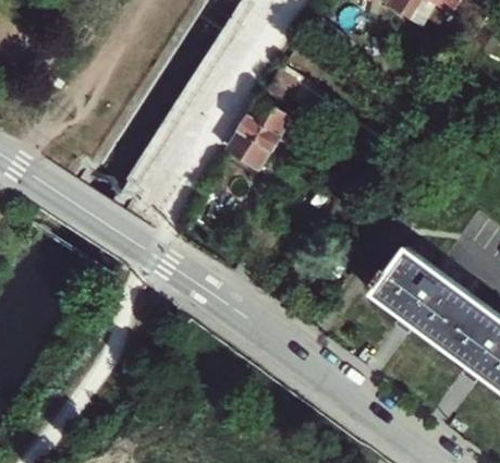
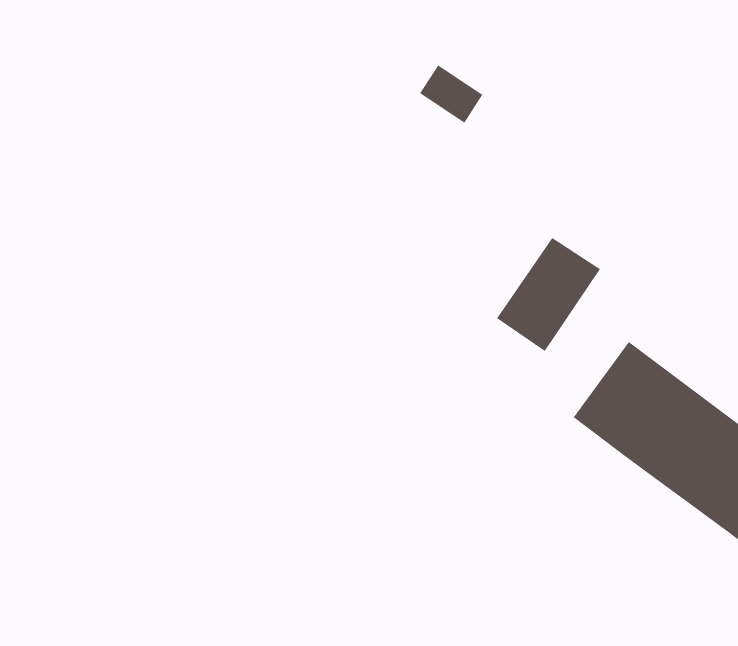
building: [227,101,294,175] -> [496,237,601,352]

